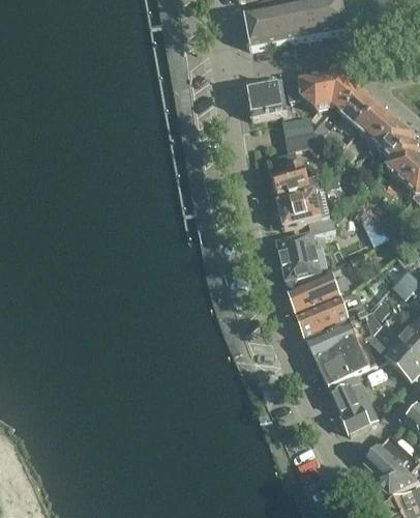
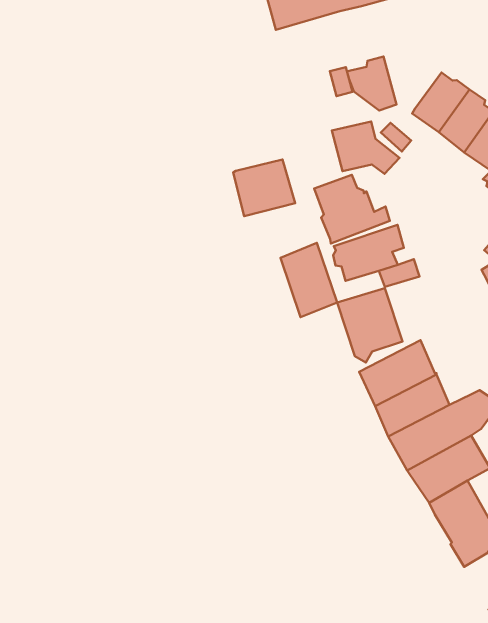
building: [323,67,362,109] -> none
building: [245,79,287,116] -> [233,160,295,216]
building: none -> [280,243,337,317]

